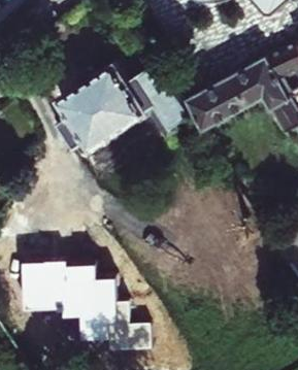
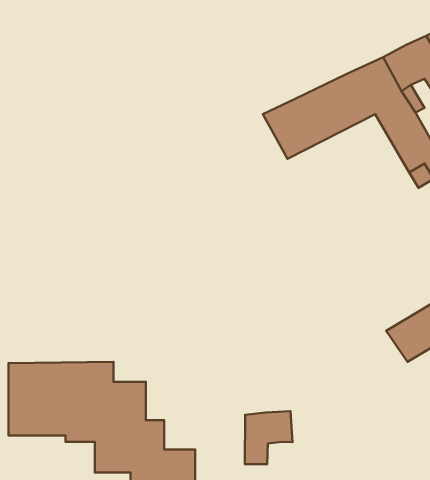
building: [59,63,189,149] -> none
building: none -> [245,411,292,464]

